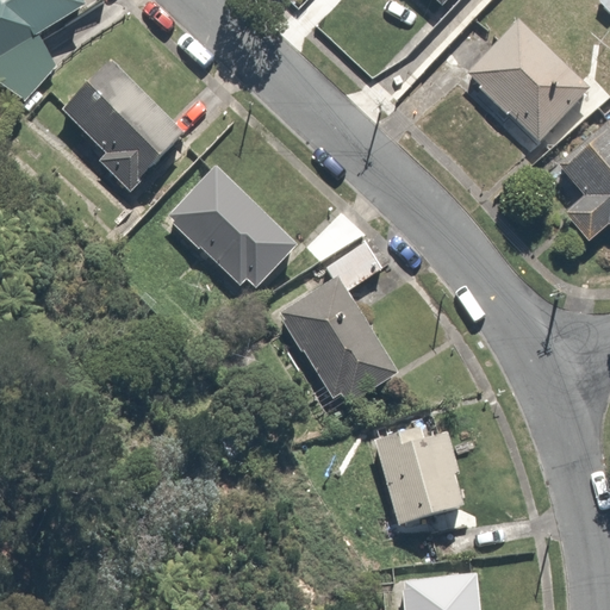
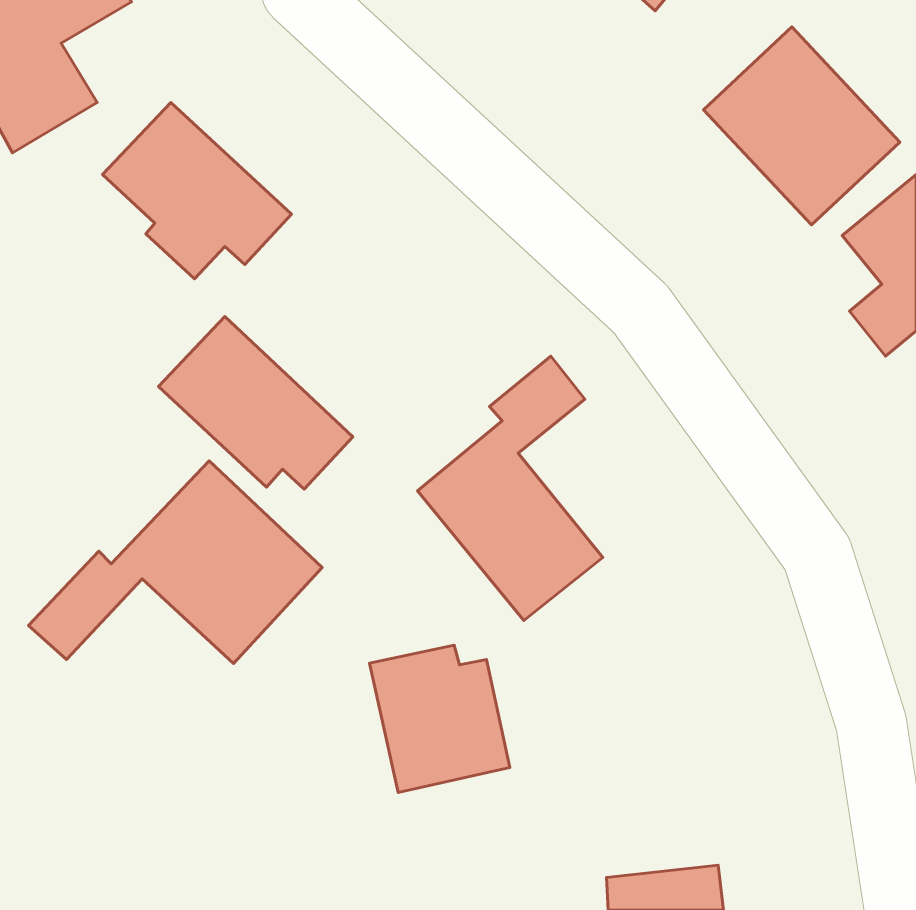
building: [168,169,297,284] -> [158,316,353,489]
building: none -> [28,461,322,664]
building: [373,425,466,523] -> [369,645,510,793]

